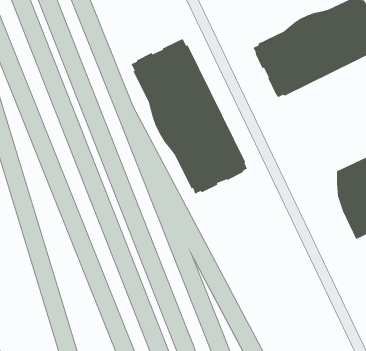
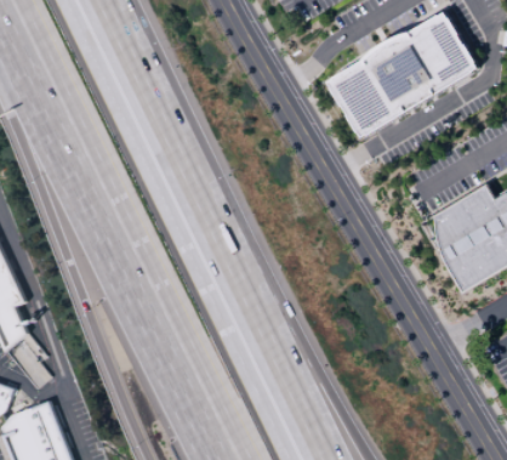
building: [130,38,248,195] -> none

